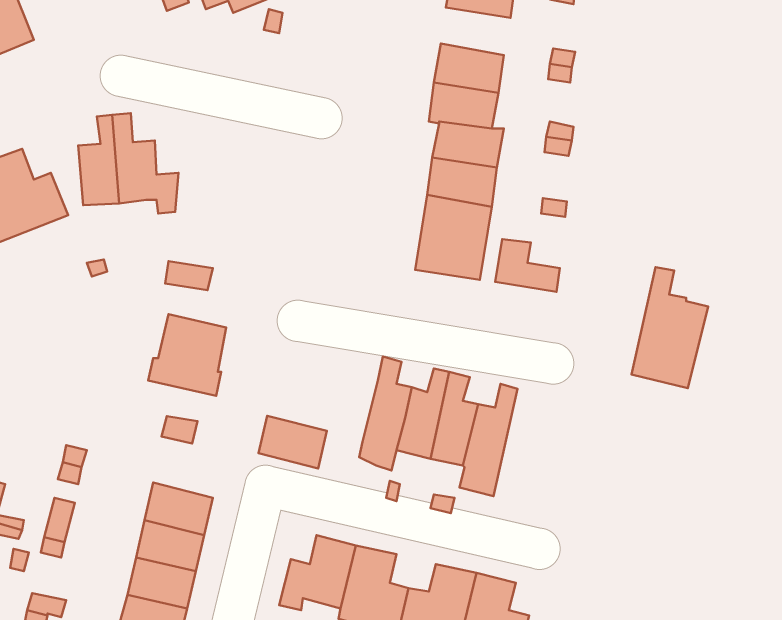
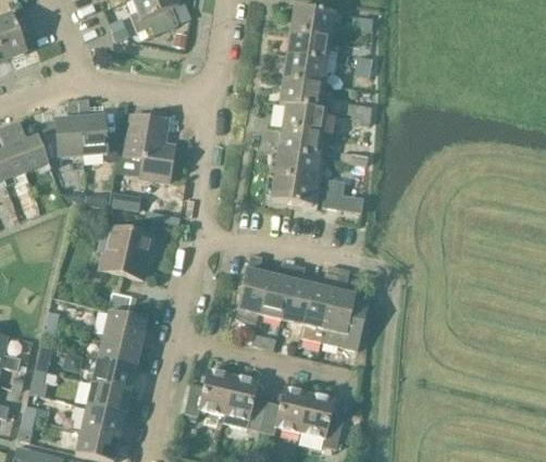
building: none -> [287,30,332,61]
building: none -> [125,115,174,180]
building: [632,267,708,388] -> [321,274,370,351]
building: [259,416,327,468] -> [103,310,147,344]

